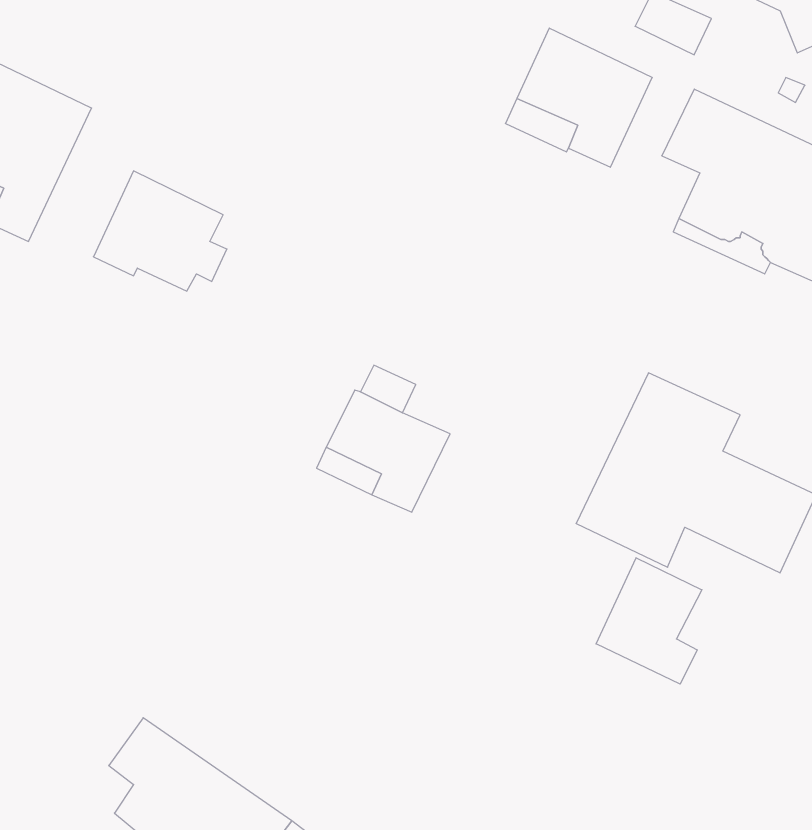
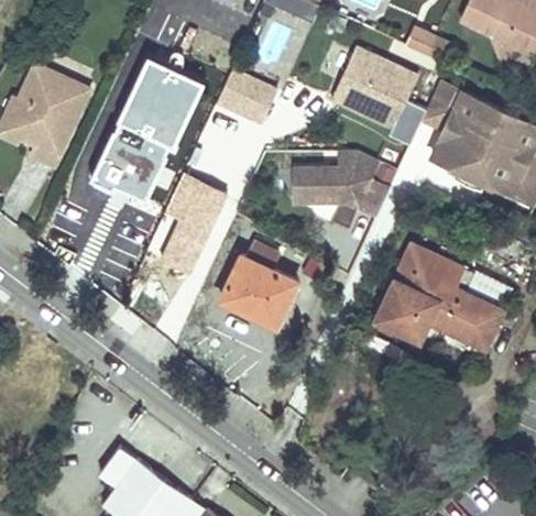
building: none -> [114,64,200,154]
building: none -> [216,67,276,121]
building: none -> [291,149,390,218]
building: none -> [161,176,225,270]
building: [596,558,702,684] -> none

